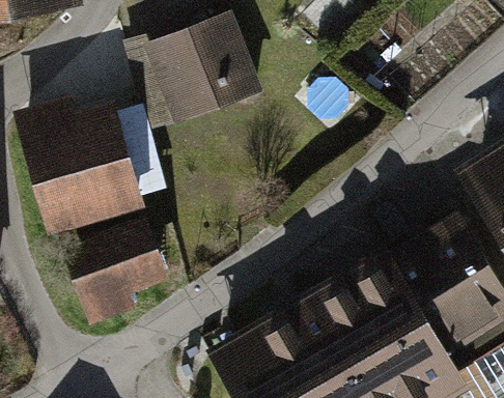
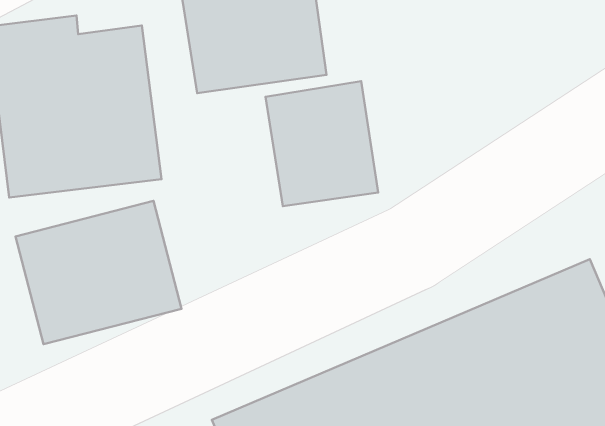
building: none -> [265,81,378,206]

